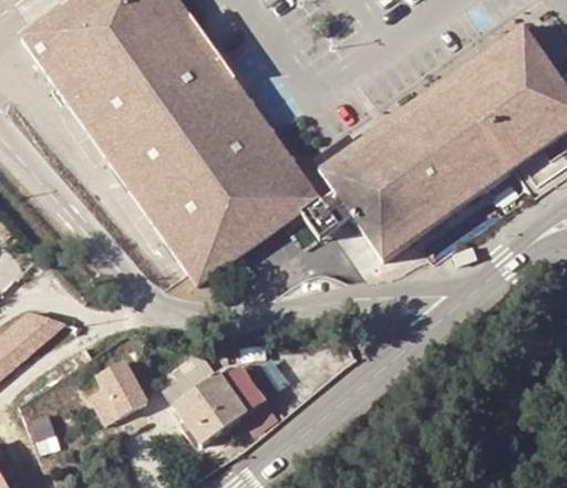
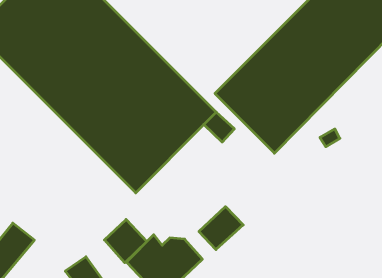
building: none -> [104,219,147,263]
building: none -> [199,207,243,250]

